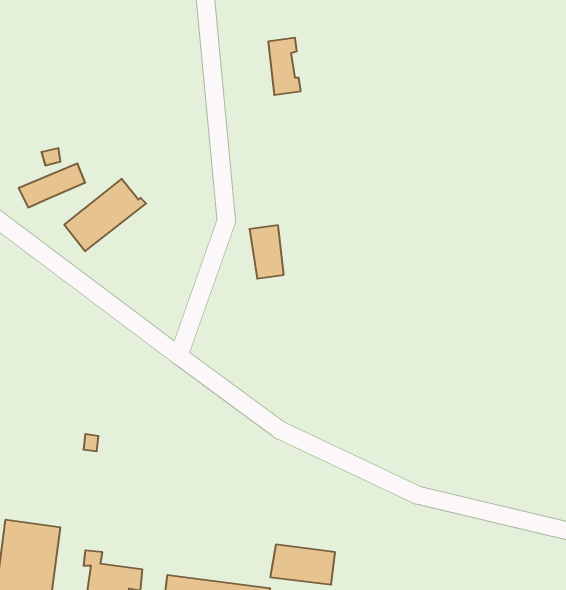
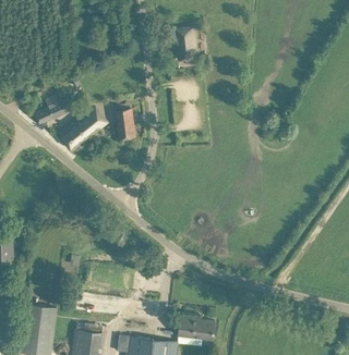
building: [249,225,284,279] -> [117,110,136,140]

